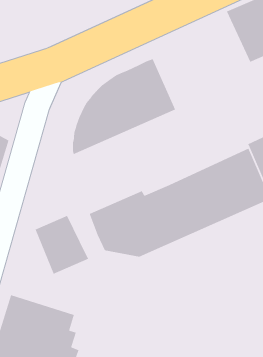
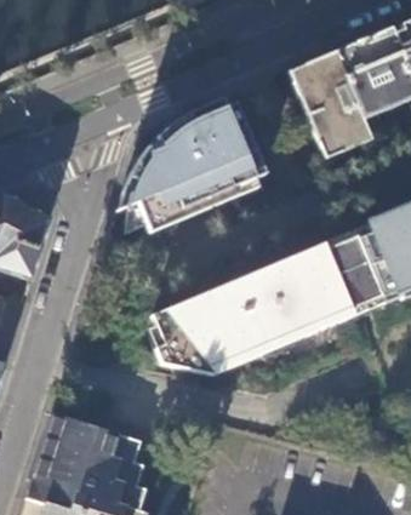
building: none -> [289,48,372,155]
building: [35,215,89,275] -> none

